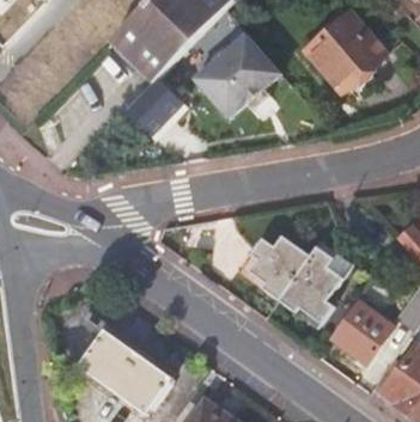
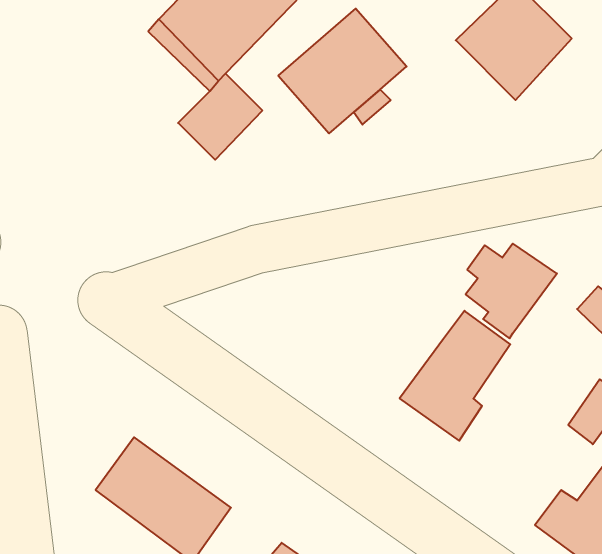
building: [244,237,306,301] -> [466,244,557,338]
building: [329,296,394,362] -> none

